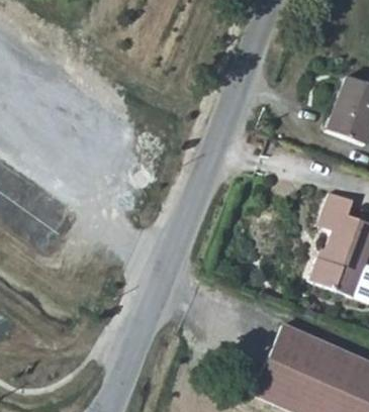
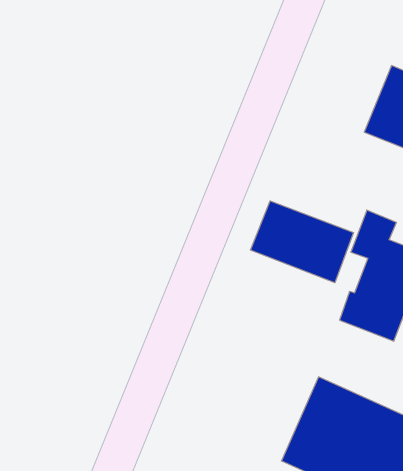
building: none -> [250,201,354,283]

